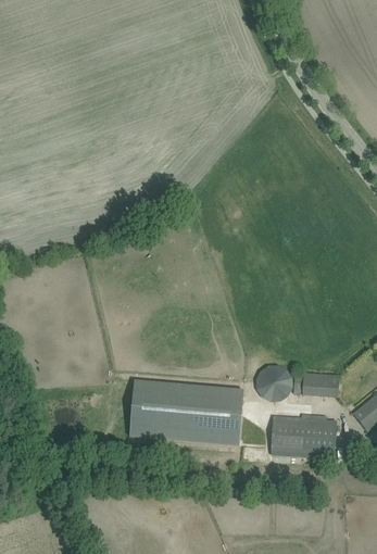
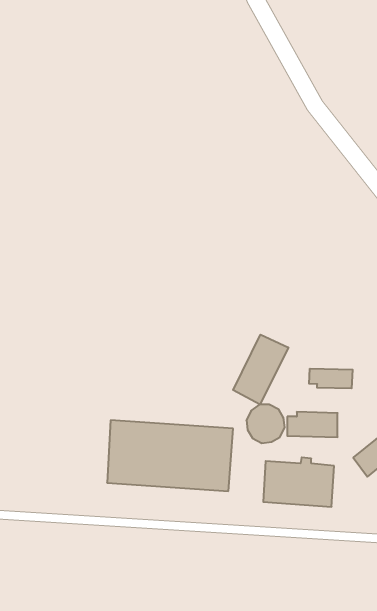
building: none -> [233,335,288,404]
building: none -> [309,369,353,388]

